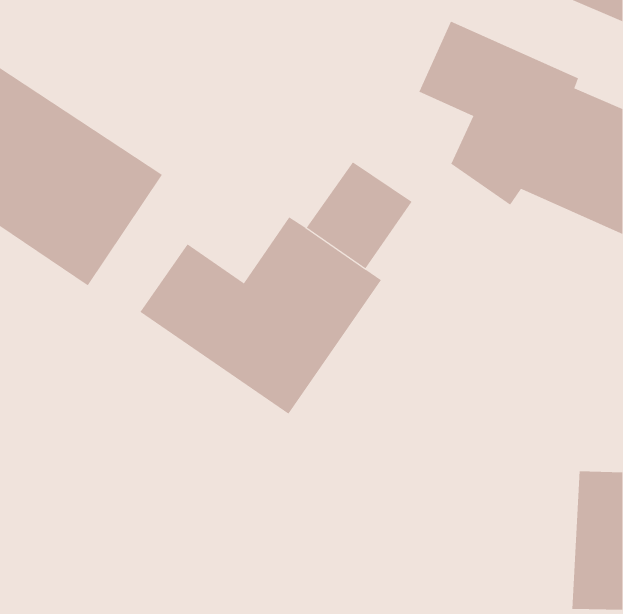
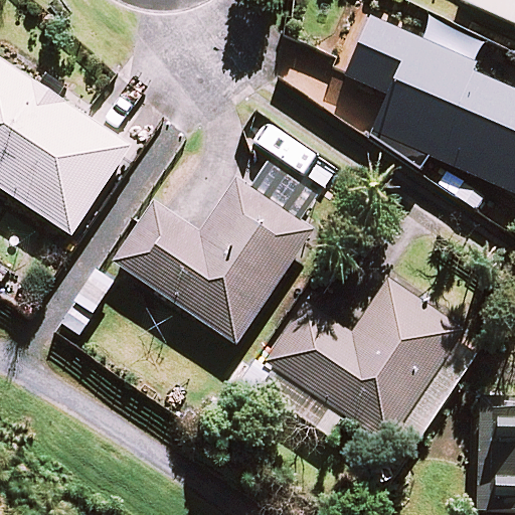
building: none -> [265,277,465,443]

